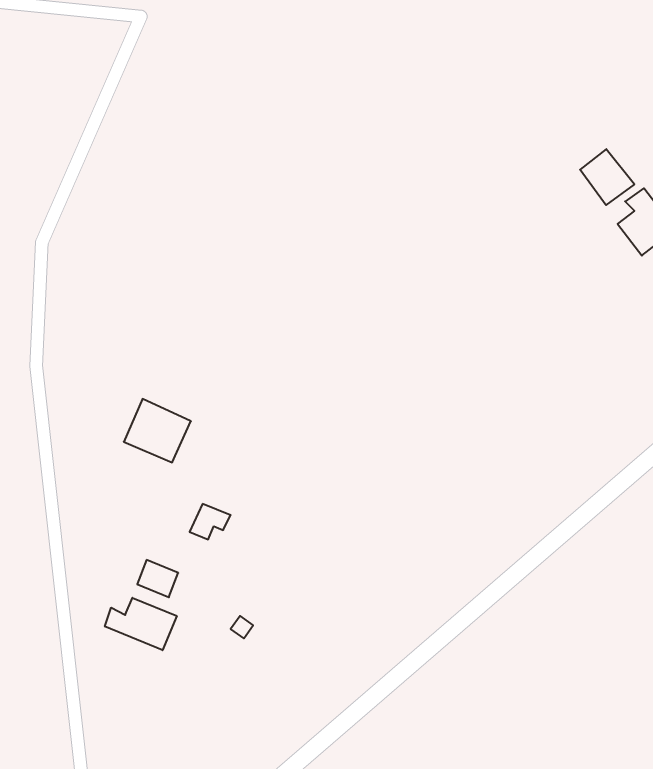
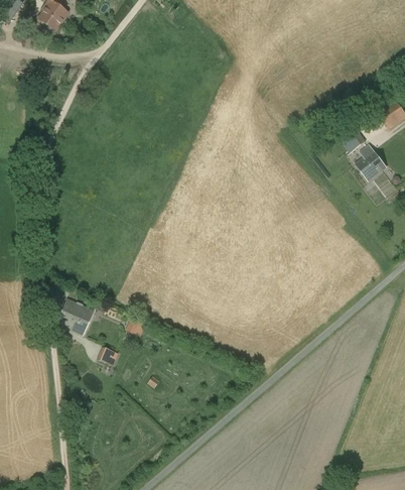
building: [124,399,191,462] -> [56,299,93,334]
building: [105,598,177,650] -> none

